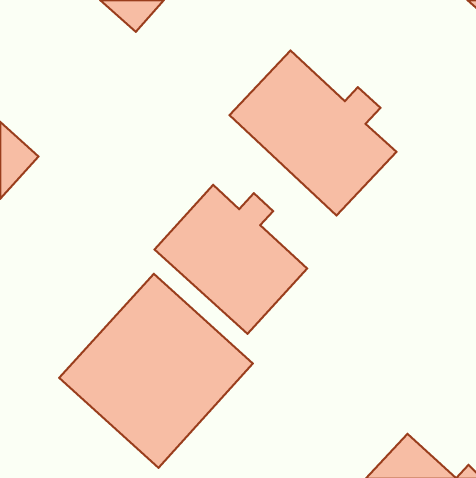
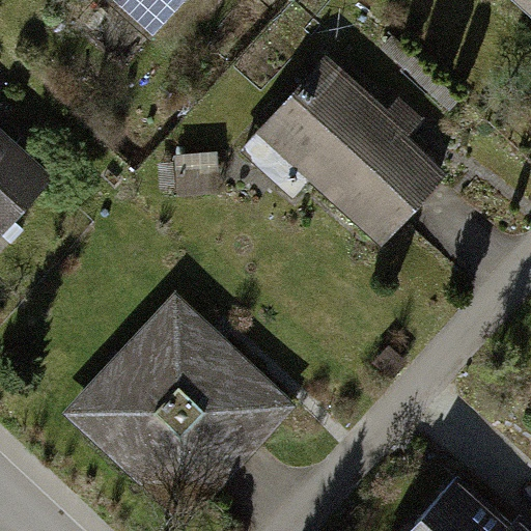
building: [155,185,307,334] -> none

